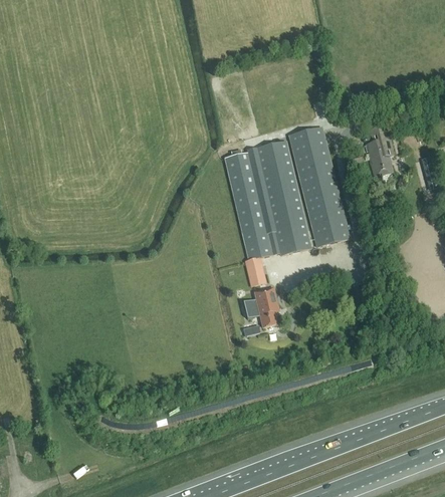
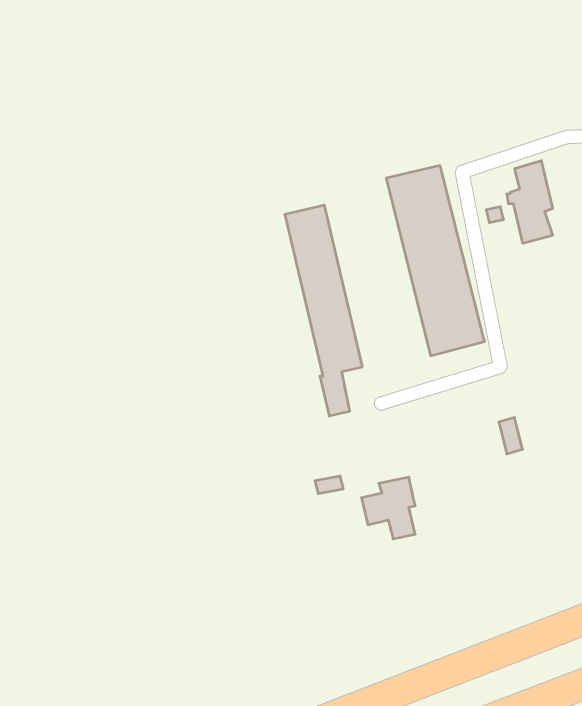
building: [254,141,310,255] -> none
building: [242,288,276,327] -> [361,477,415,539]

